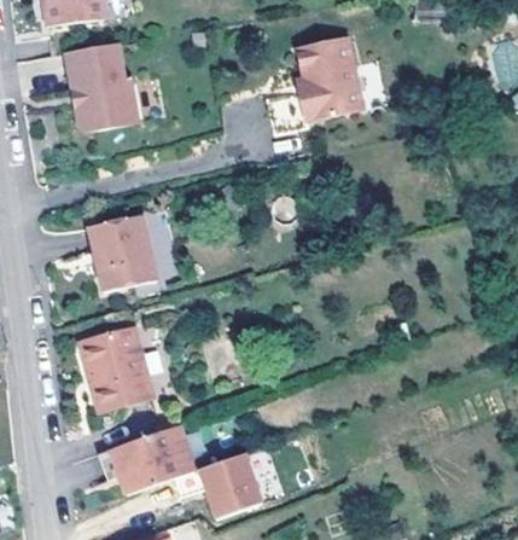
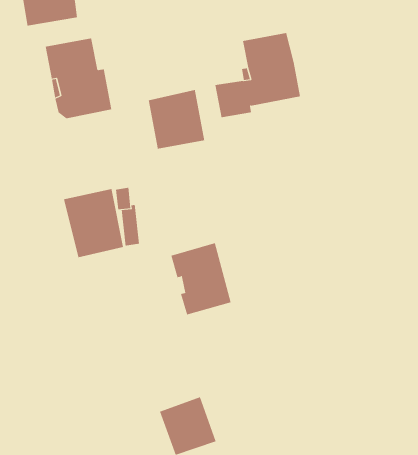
building: none -> [148,89,205,149]
building: [83,331,152,413] -> [171,243,231,315]
building: [95,424,192,492] -> none

